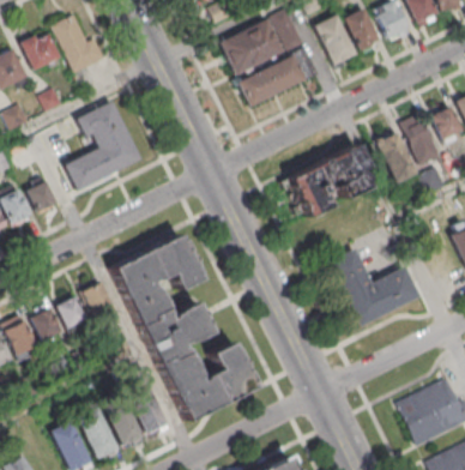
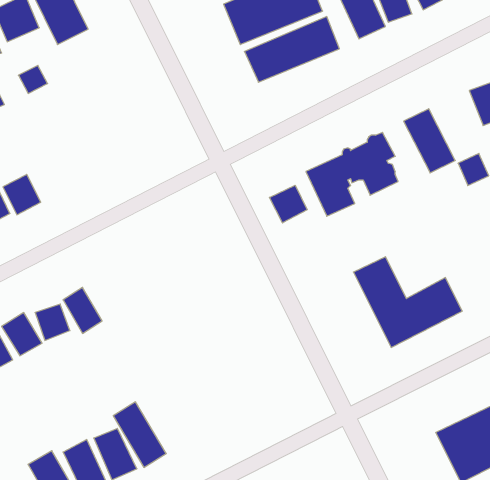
building: [71,108,145,197] -> none
building: [399,114,441,168] -> none
building: none -> [269,185,307,223]
building: [113,231,255,420] -> none

